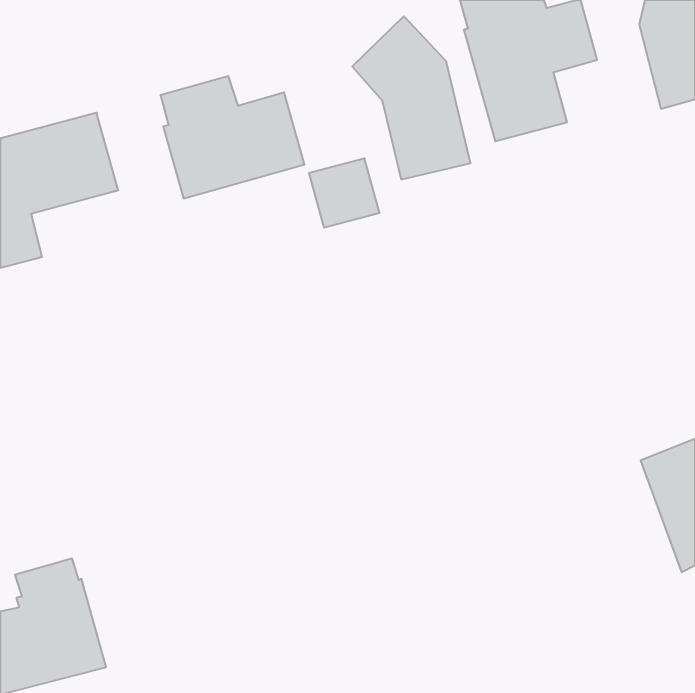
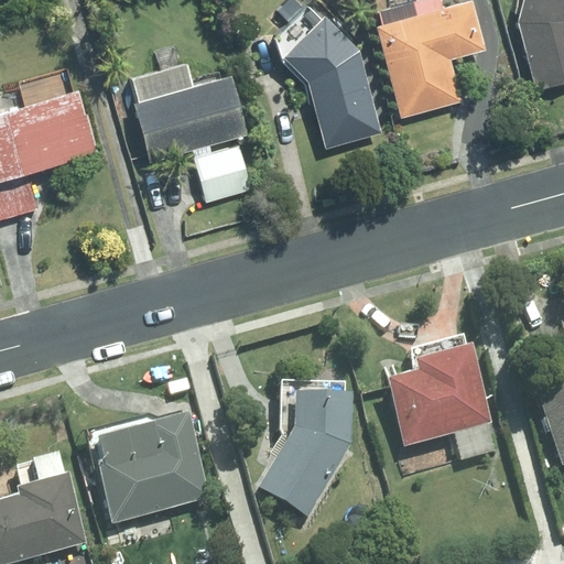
building: [309,158,380,228] -> [192,147,249,203]
building: none -> [387,343,494,446]
building: none -> [259,391,355,518]
building: none -> [98,411,213,522]

